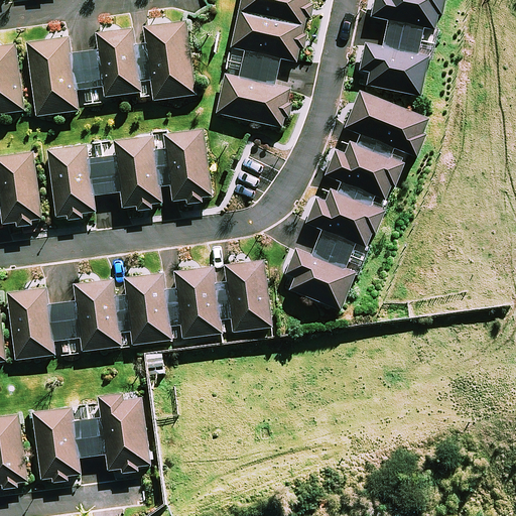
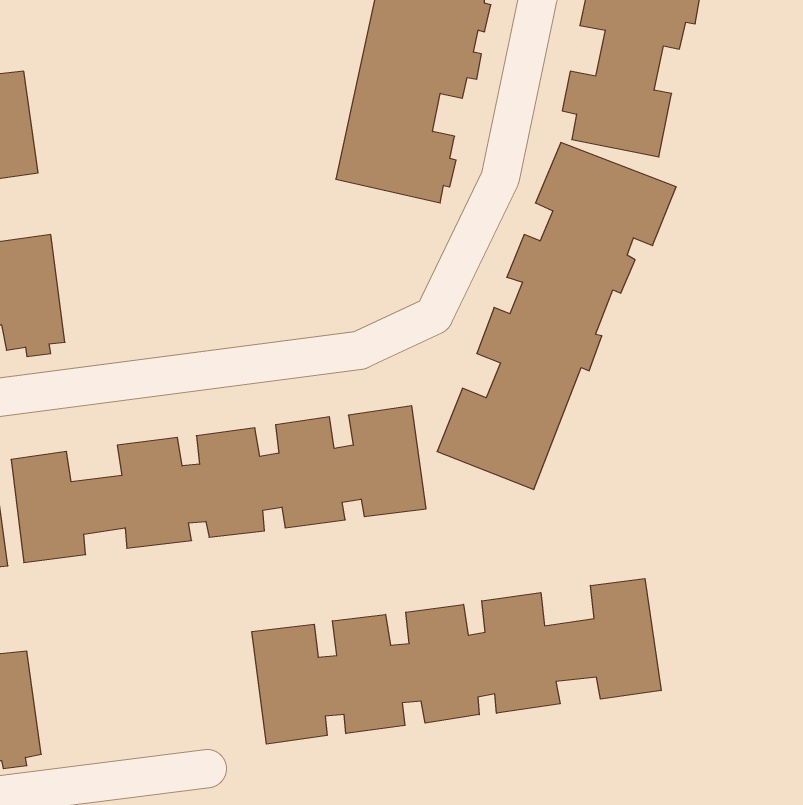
building: [27,21,195,116] -> none
building: [46,128,209,219] -> none
building: none -> [252,579,661,744]
building: [31,393,149,482] -> none

